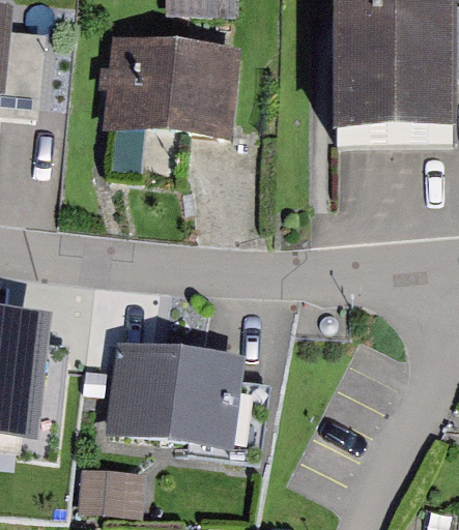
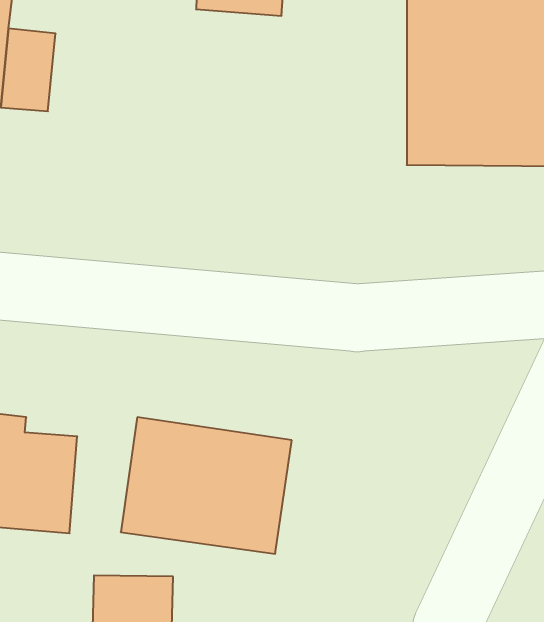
building: [103,30,240,135] -> none

